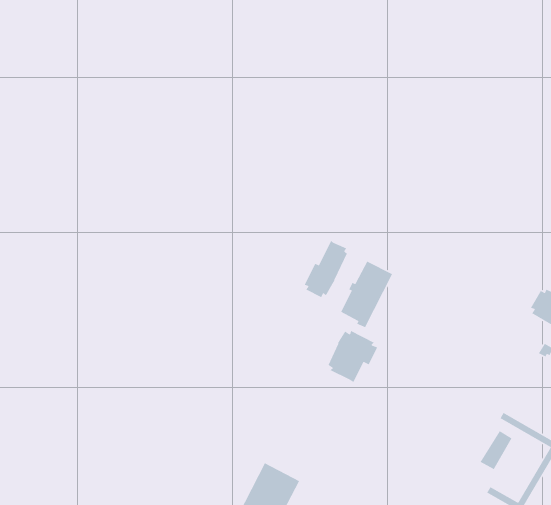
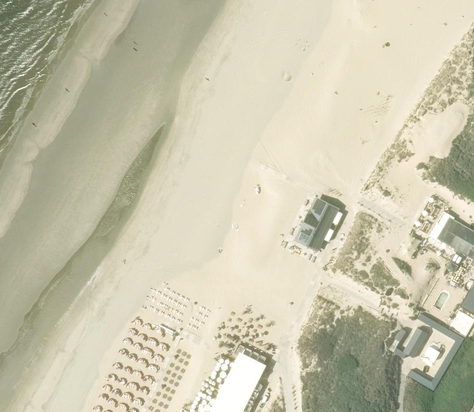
building: [304,240,348,298] -> none
building: [327,330,378,383] -> none

